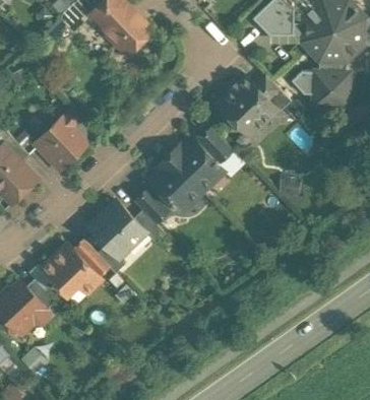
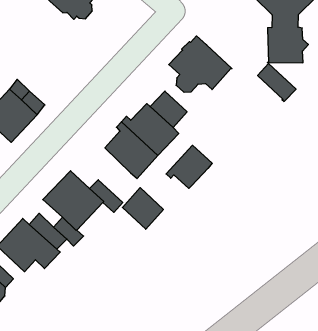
building: [253,75,290,113] -> [258,63,296,101]
building: none -> [166,145,212,188]
building: [133,184,173,224] -> [122,188,163,229]

